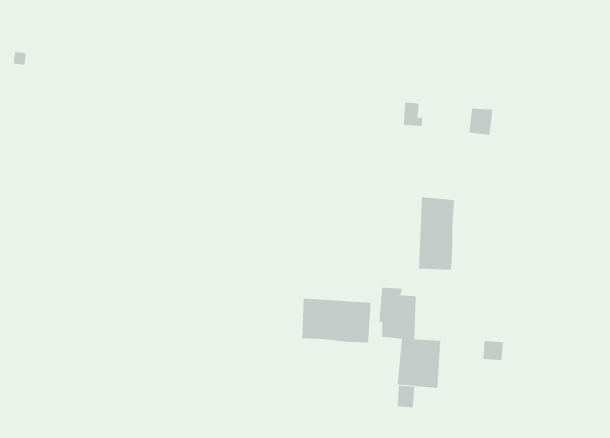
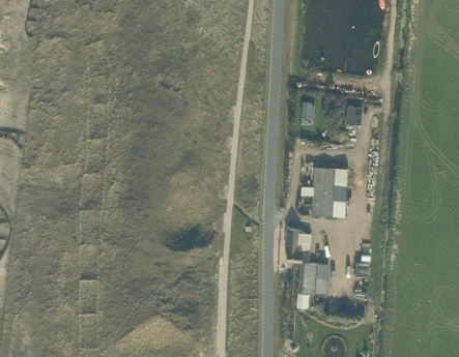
building: [302,298,371,343] -> none

